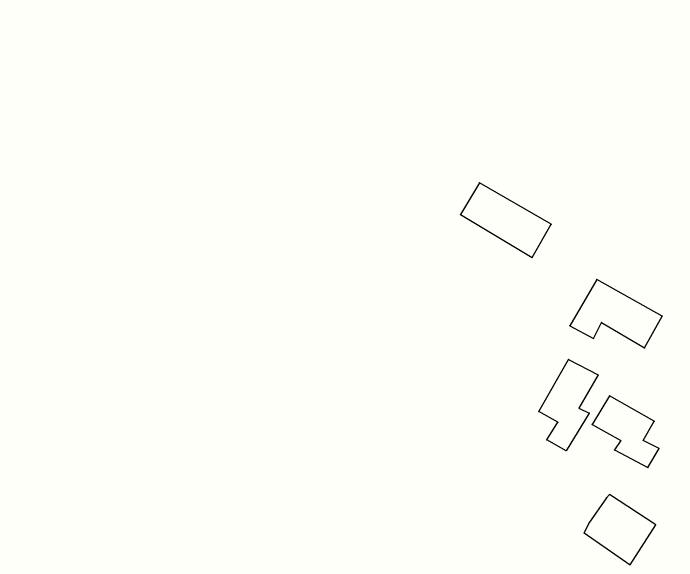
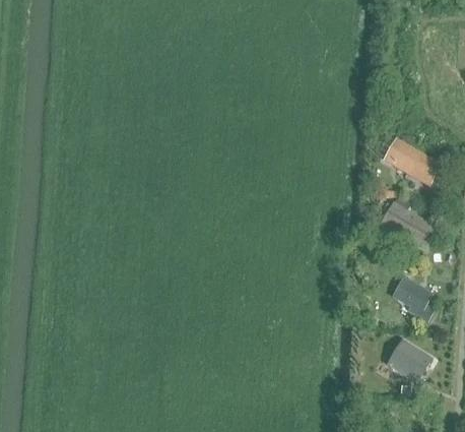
building: [460,183,551,258] -> [383,137,441,185]
building: [539,359,598,451] -> none

